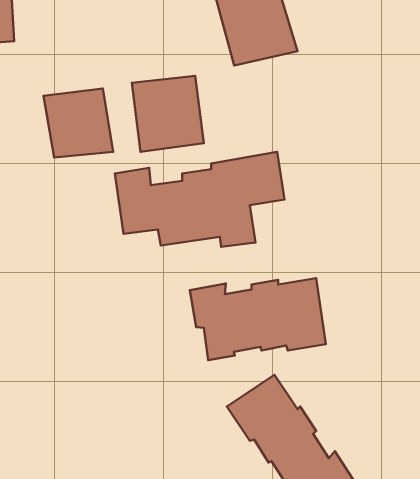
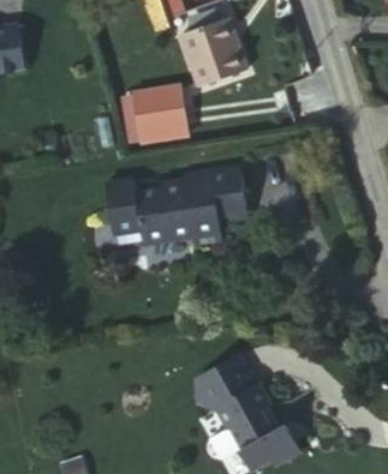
building: [43,88,113,157] -> none
building: [190,278,326,360] -> none

